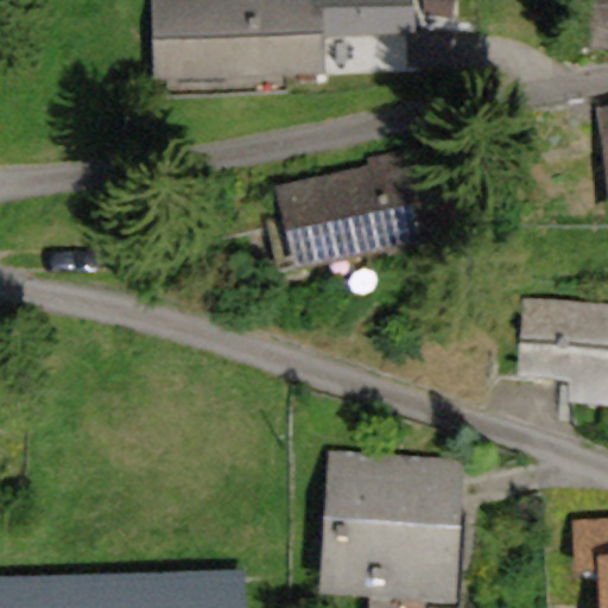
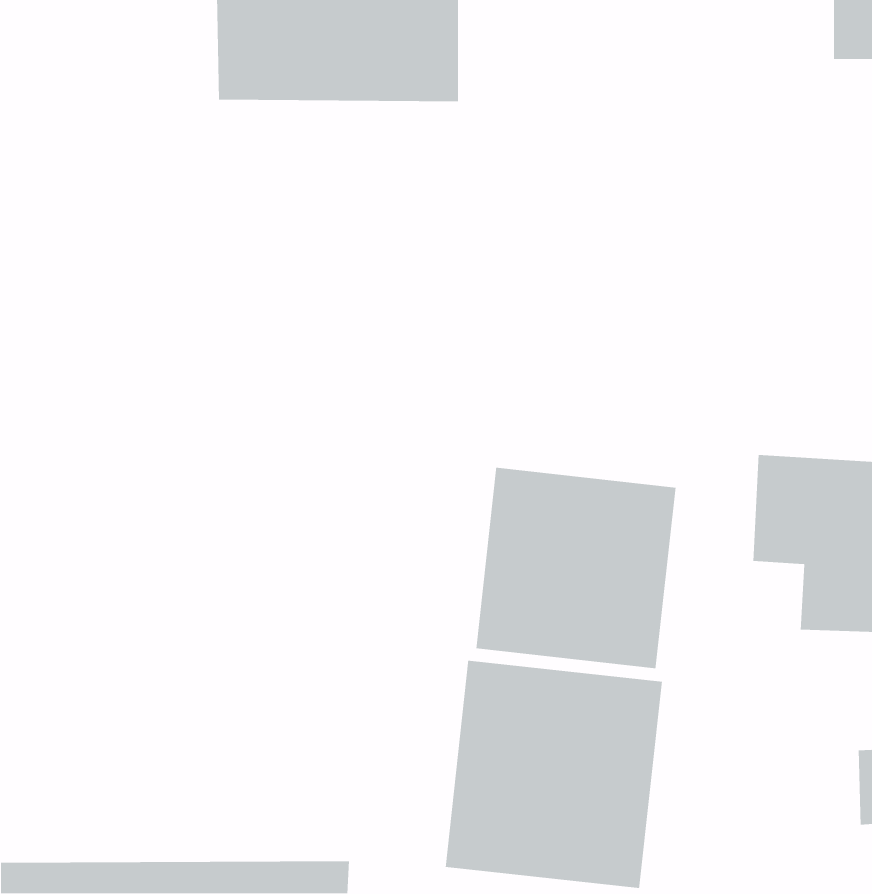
building: [271,172,393,283] -> none
building: none -> [475,467,676,669]

